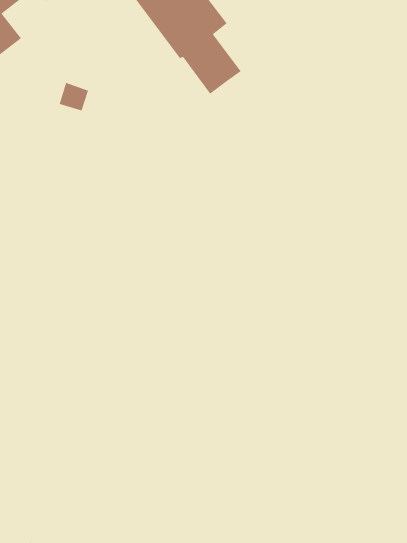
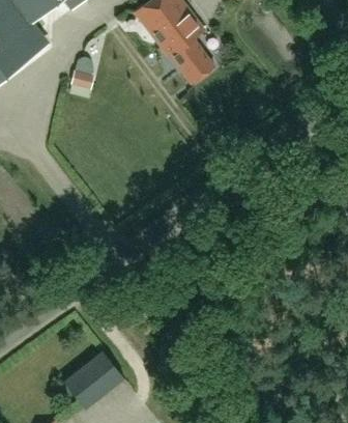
building: none -> [63,350,123,407]

